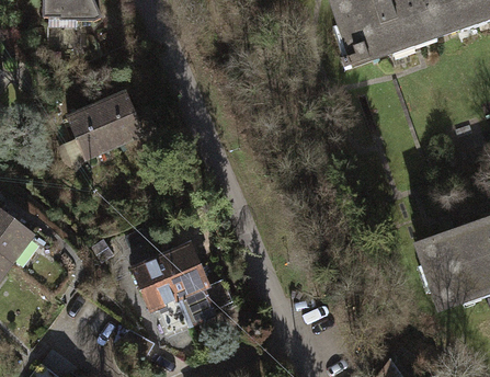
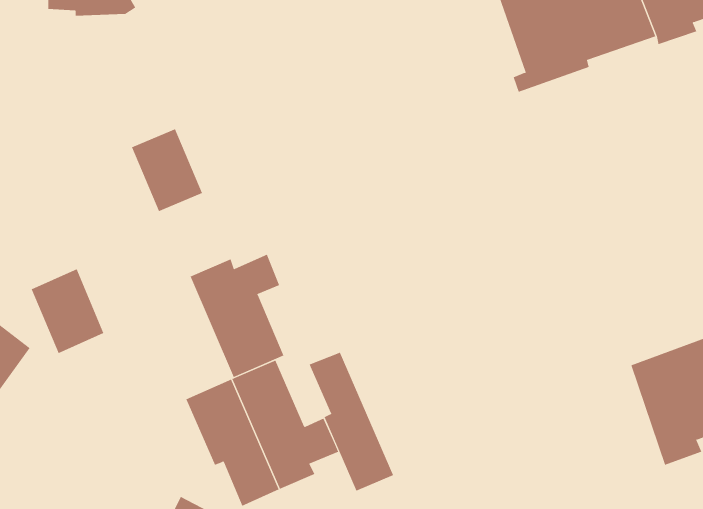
building: [67,104,114,159] -> [31,269,104,354]
building: none -> [190,254,284,378]
building: none -> [309,352,394,491]

